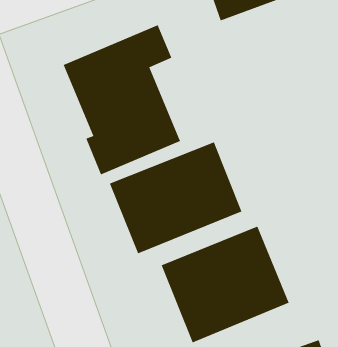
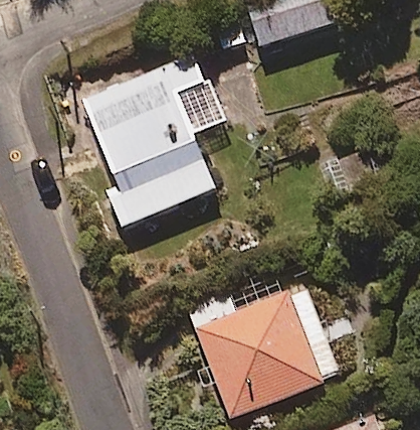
building: [109,142,242,254] -> none

